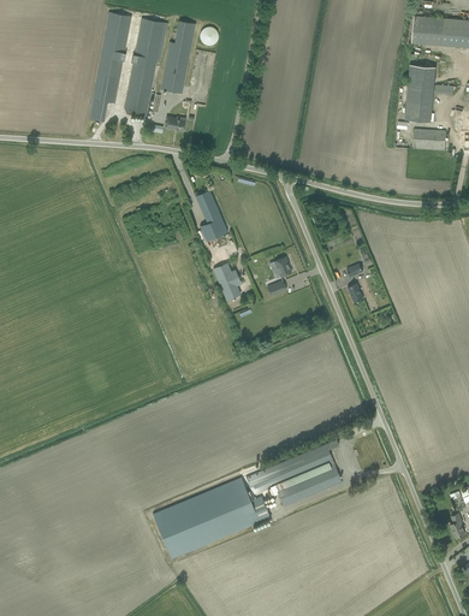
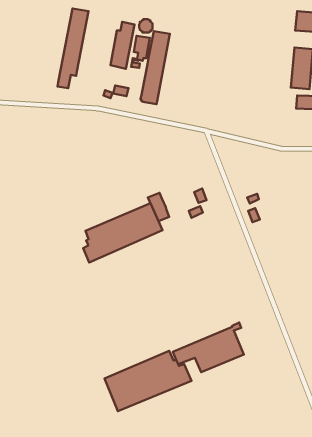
building: [124,18,164,117] -> [140,31,170,104]
building: [196,190,227,241] -> none
building: none -> [83,203,163,262]

